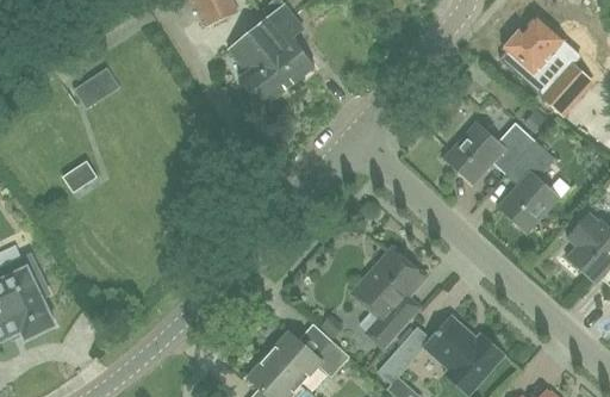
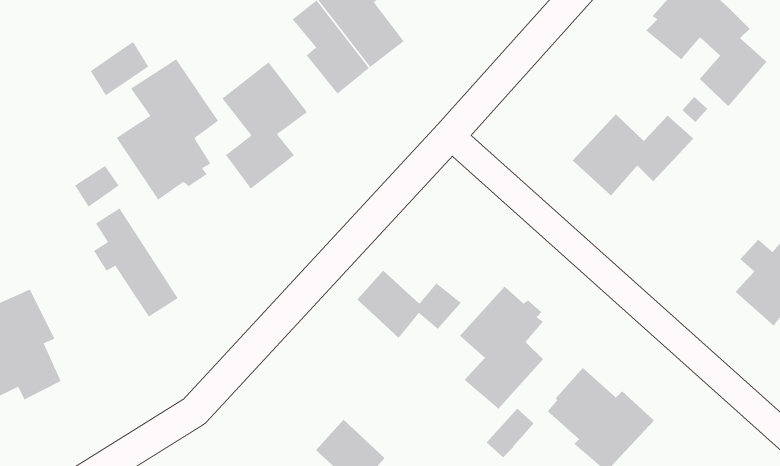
building: none -> [116,58,219,200]
building: none -> [221,61,308,189]
building: [496,139,559,232] -> none
building: none -> [93,208,178,318]
building: [268,330,348,383] -> [356,270,461,339]

